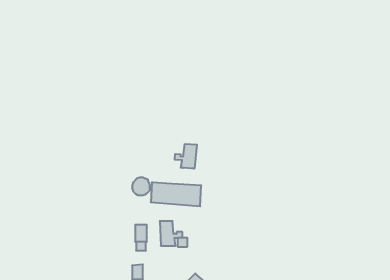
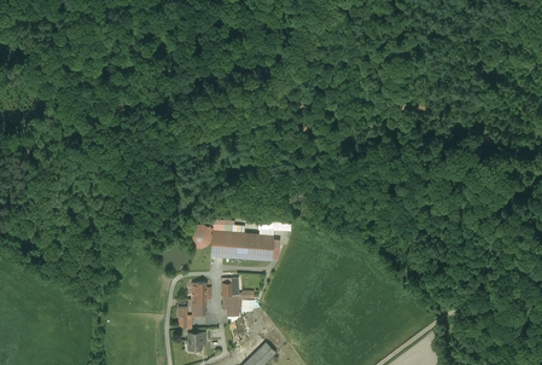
building: [175,144,197,169] -> none

